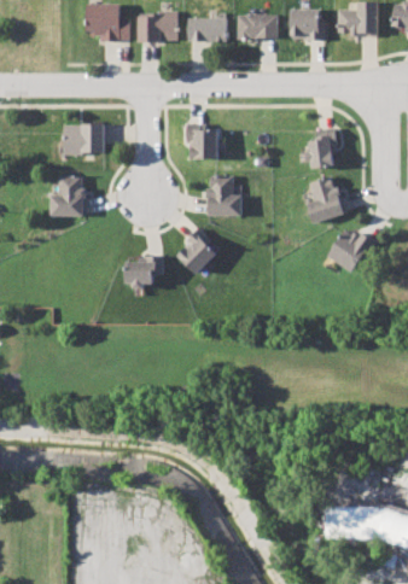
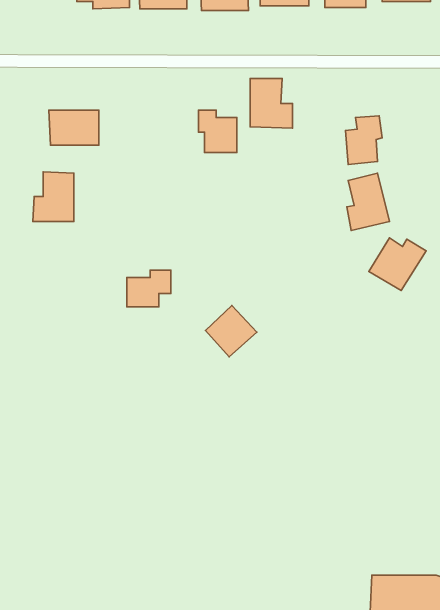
building: [206,175,241,216] -> [250,78,293,128]
building: [175,232,217,274] -> [206,306,257,357]

